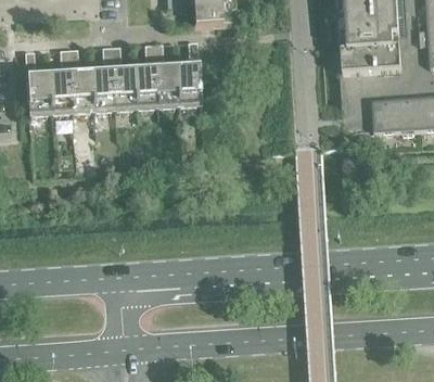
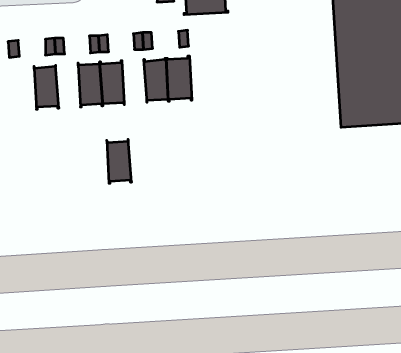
building: [135,68,158,111] -> [107,139,132,183]
building: [71,72,94,115] -> none
building: [27,75,52,118] -> none

